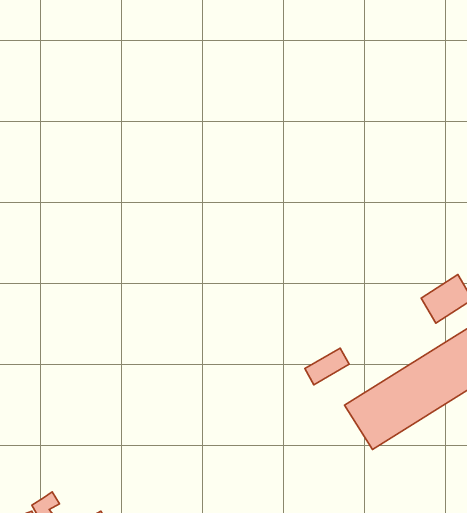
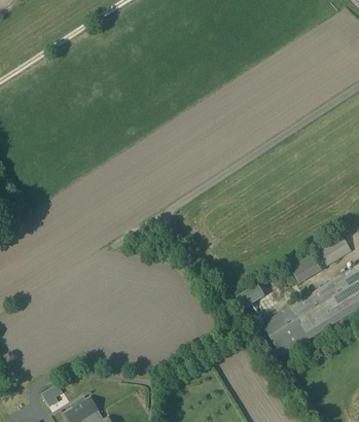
building: none -> [290,250,323,282]

